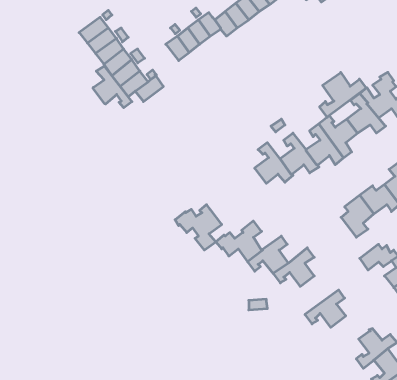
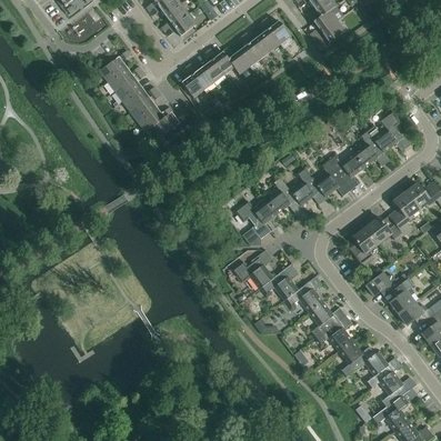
building: [93,66,132,108] -> none
building: [320,72,366,117] -> none
building: [175,205,222,250] -> [232,196,277,239]
building: none -> [307,302,345,339]
building: none -> [337,340,375,379]

